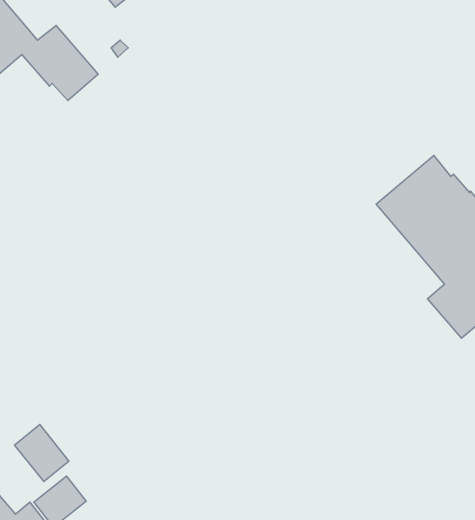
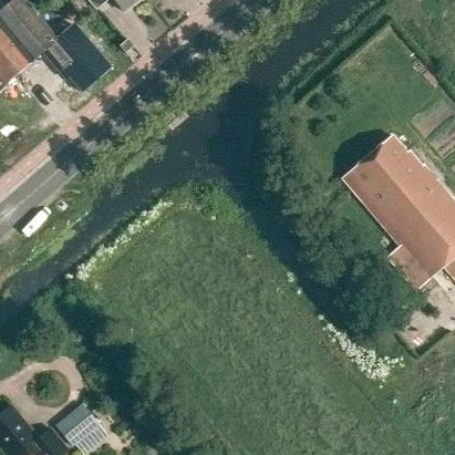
building: [15,425,69,482] -> none

